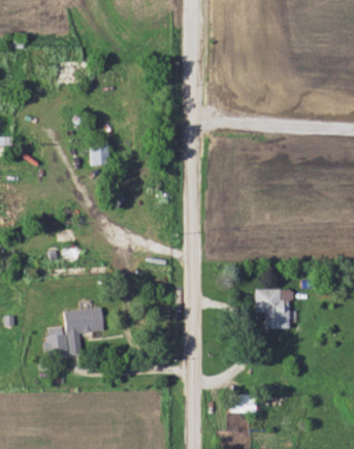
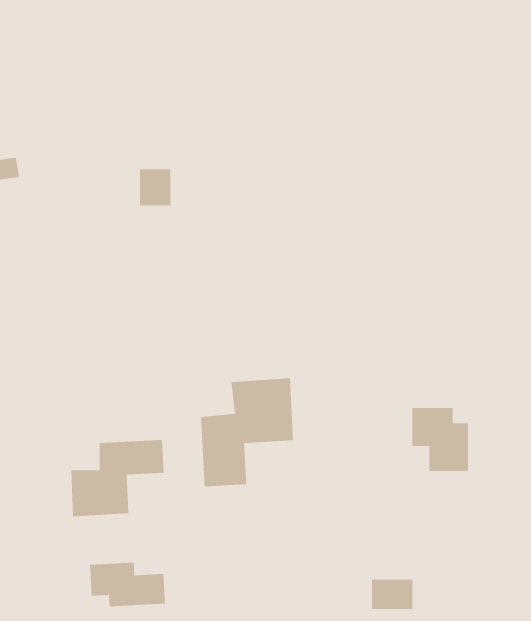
building: none -> [200,378,294,487]
building: none -> [89,562,166,607]

